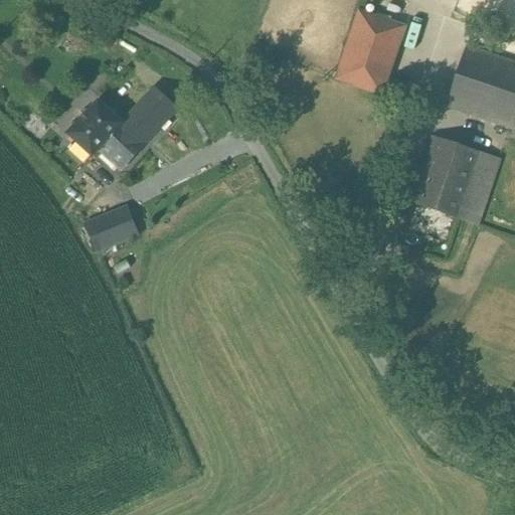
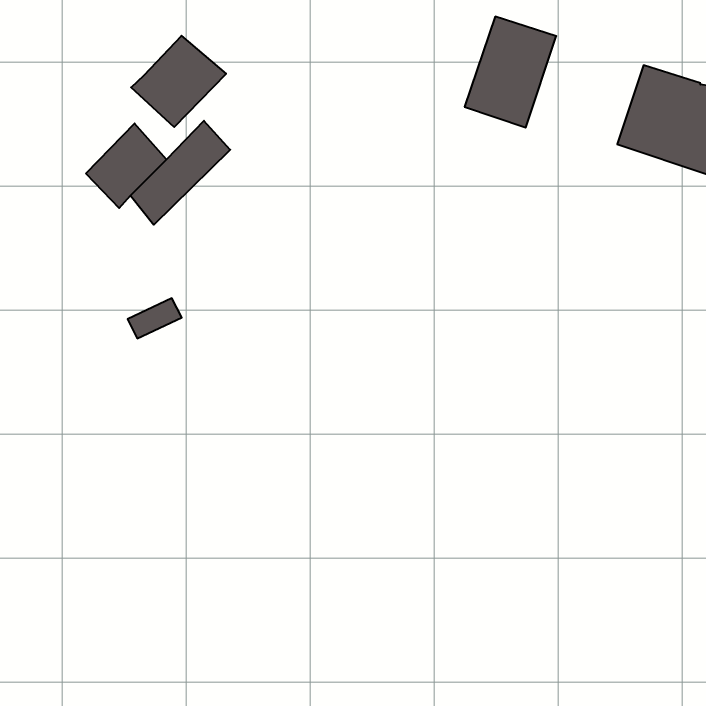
building: none -> [131,36,226,127]
building: [413,137,500,223] -> none

